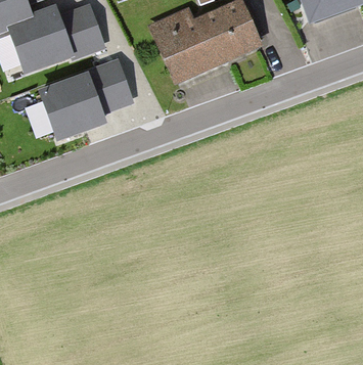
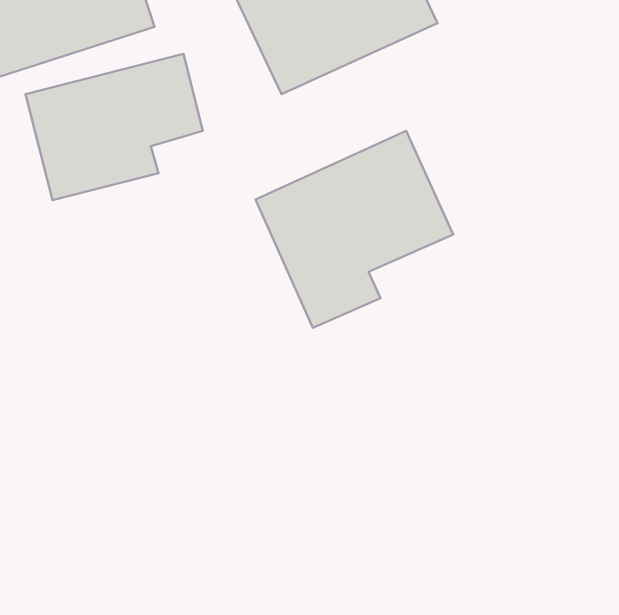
building: none -> [256,131,453,328]

